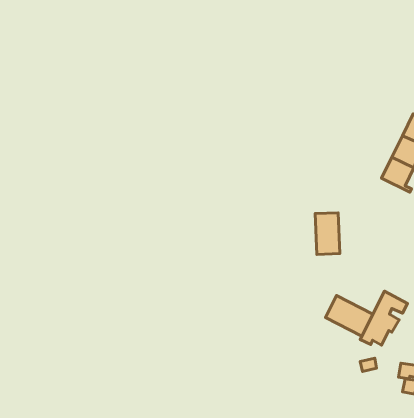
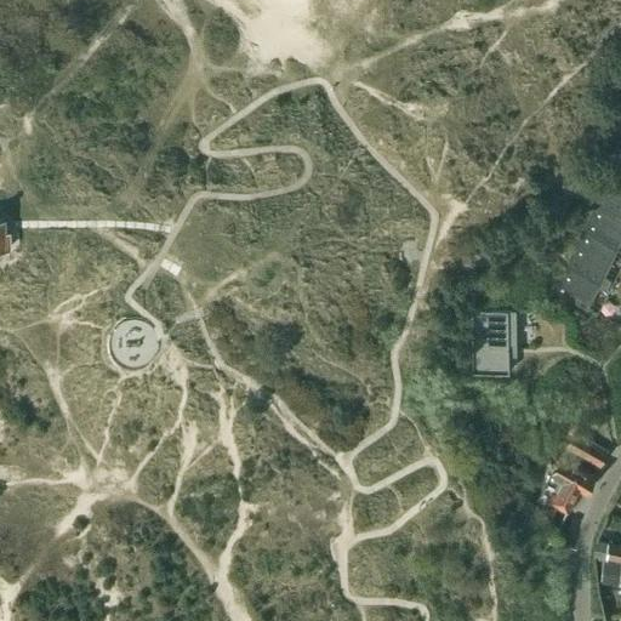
building: none -> [557,264,614,310]
building: [325,296,373,336] -> none

